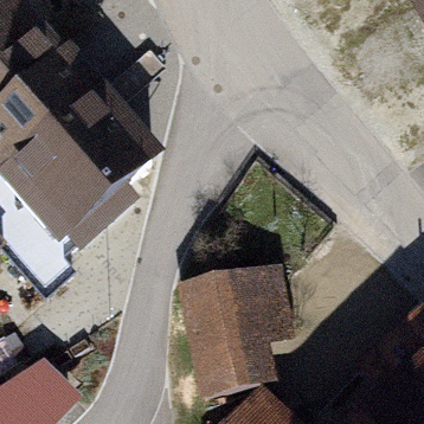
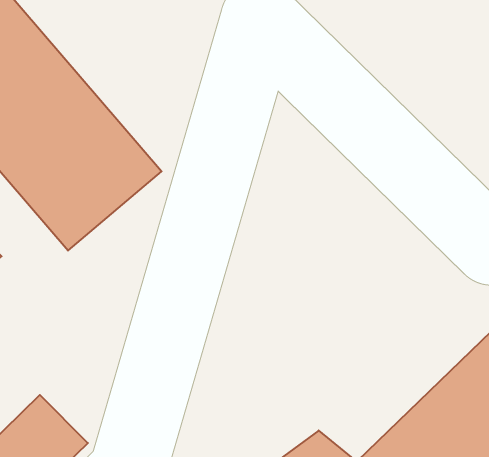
building: [176,265,291,393] -> none

